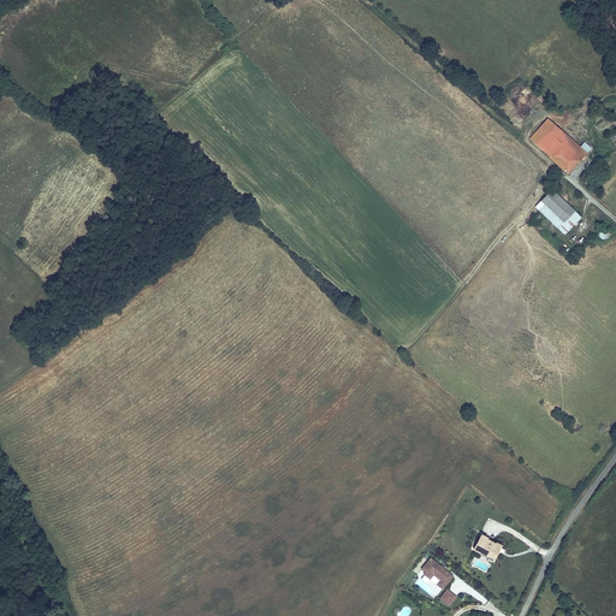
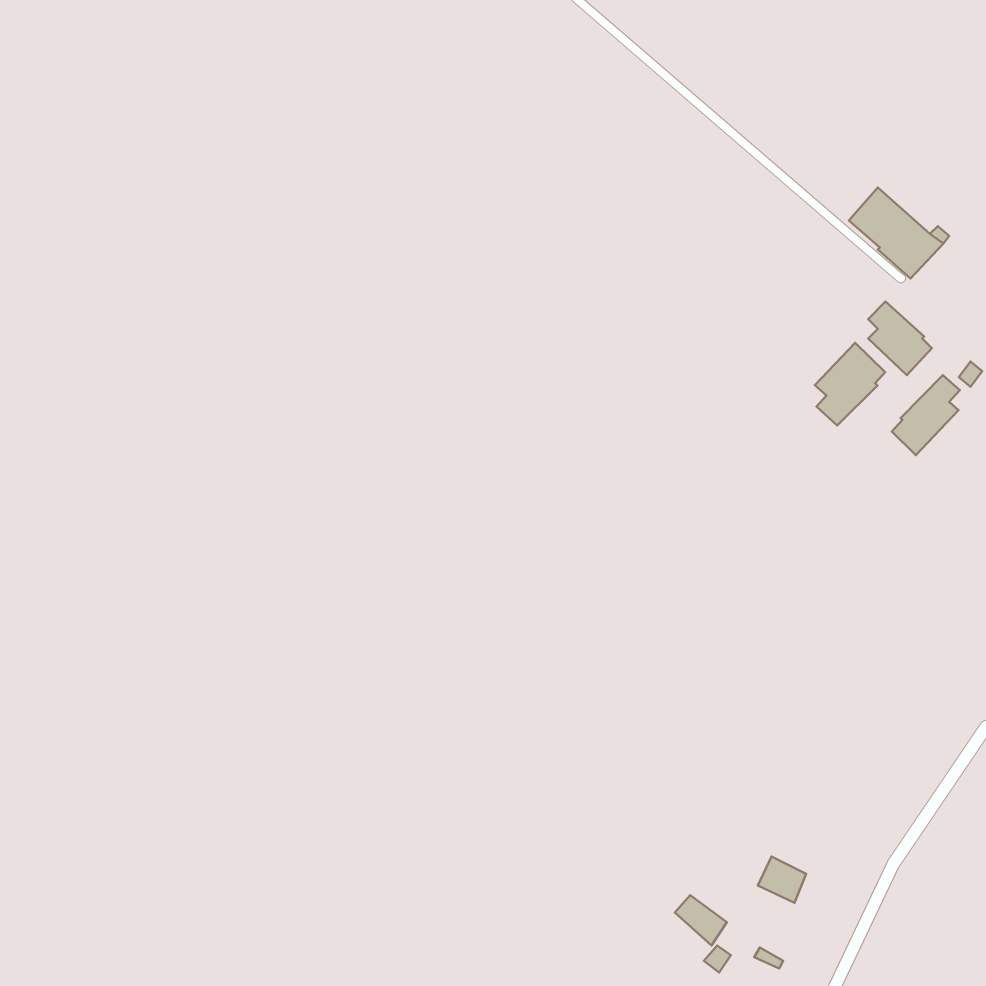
building: none -> [815,343,885,425]
building: none -> [892,375,960,455]

